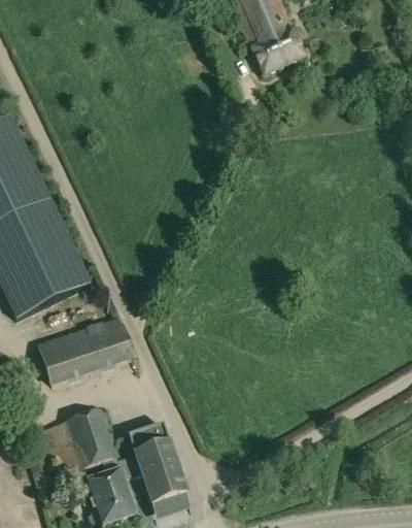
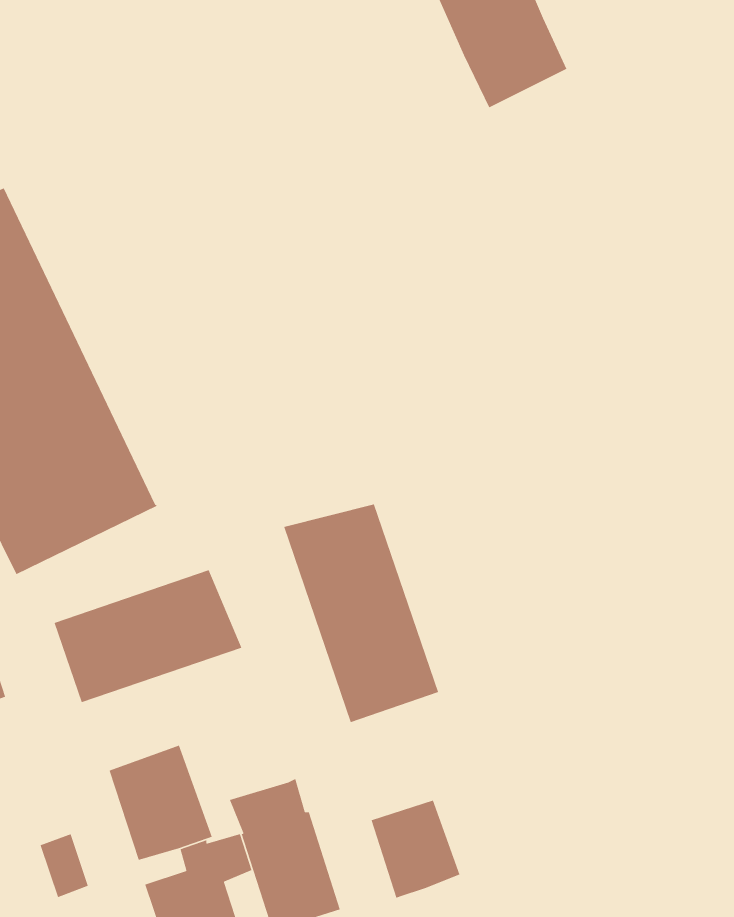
building: none -> [283,503,439,723]
building: [43,421,81,475] -> none
building: none -> [371,800,461,899]

